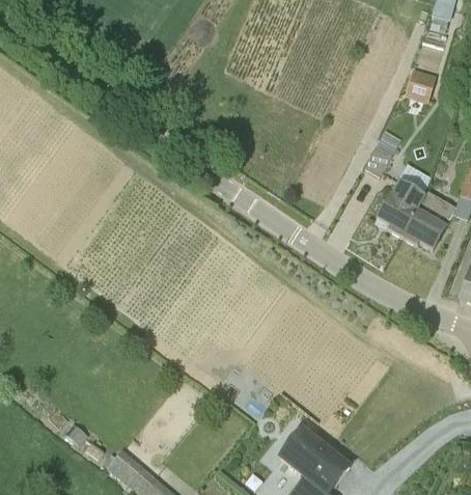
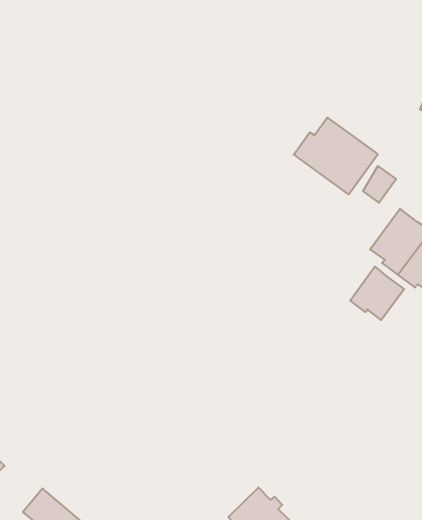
building: none -> [294,118,378,194]
building: none -> [350,267,404,320]

